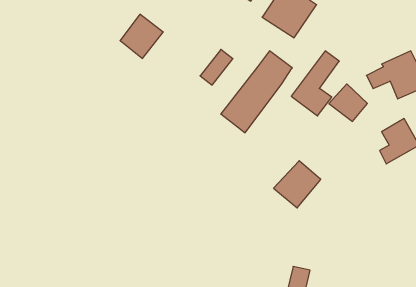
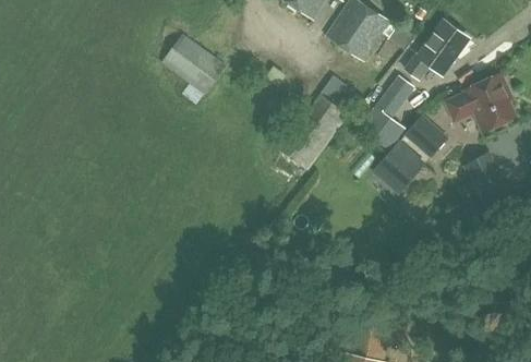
building: none -> [403,22,468,80]
building: [200,49,233,85] -> [188,53,226,95]
building: [274,161,321,208] -> [372,141,426,195]

